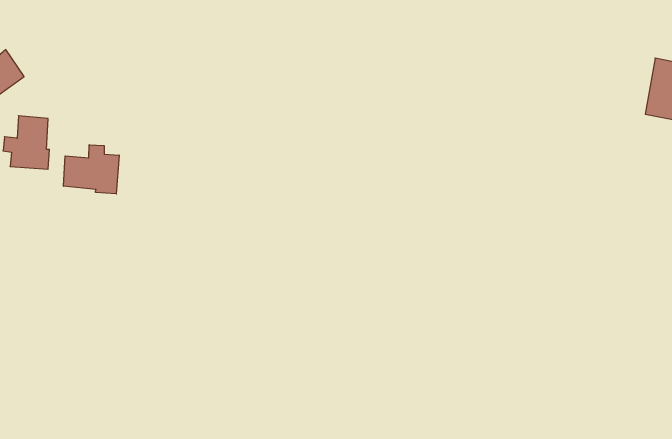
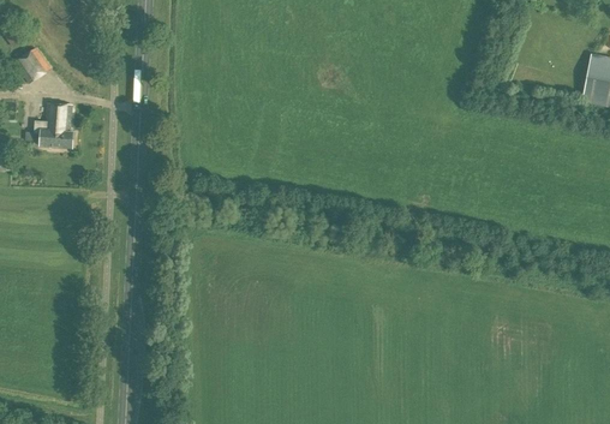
building: [64,145,119,194] -> none

